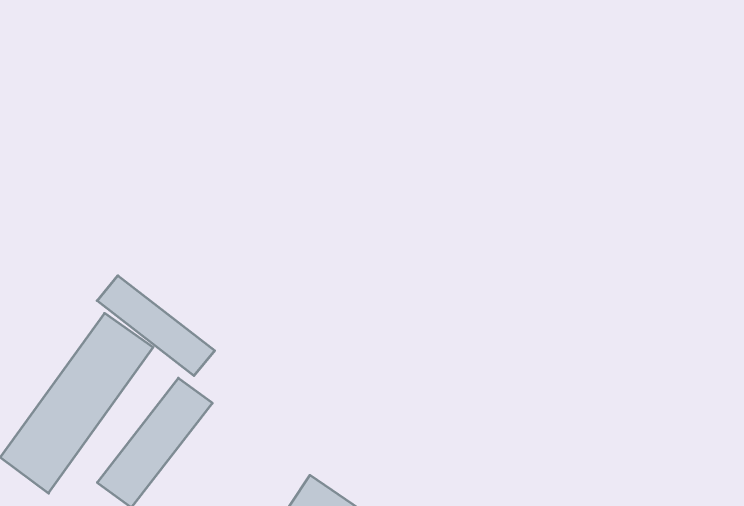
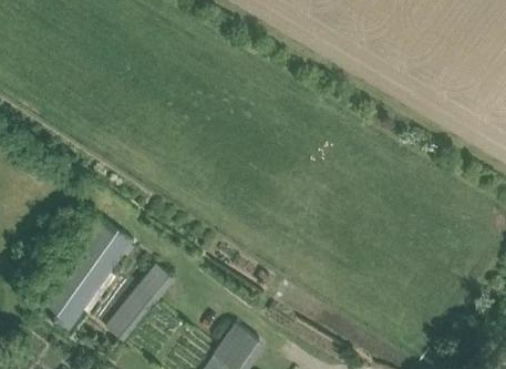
building: [97,276,215,376] -> none

